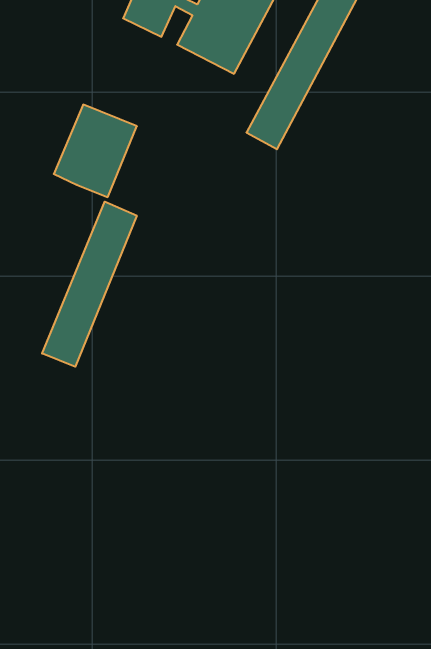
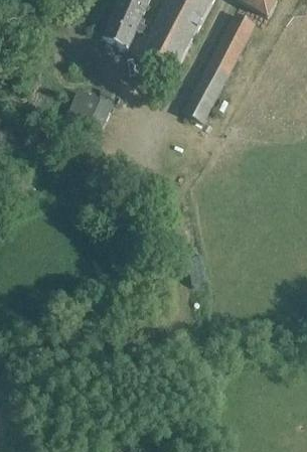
building: [42,202,137,367] -> none

